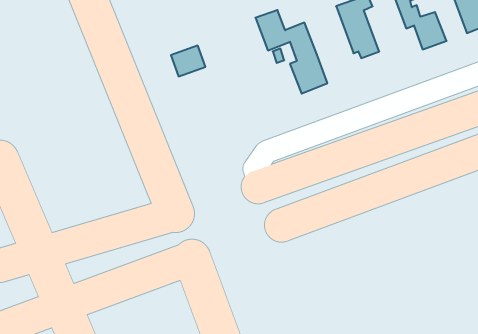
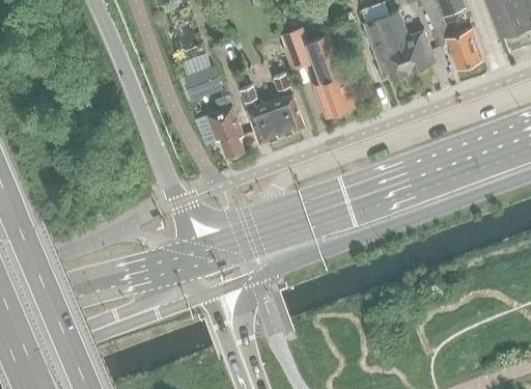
building: none -> [394,23,432,72]
building: none -> [241,75,305,143]
building: none -> [207,94,245,156]

